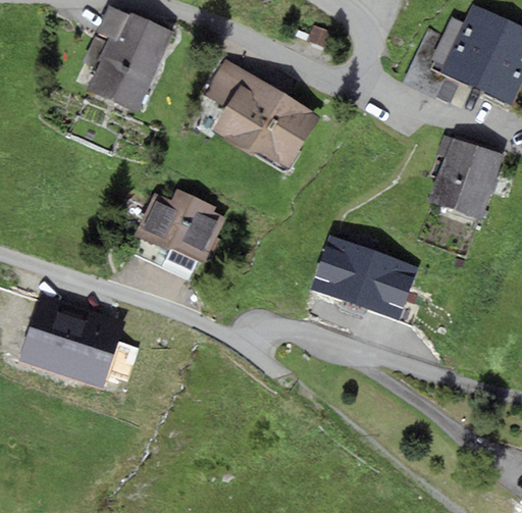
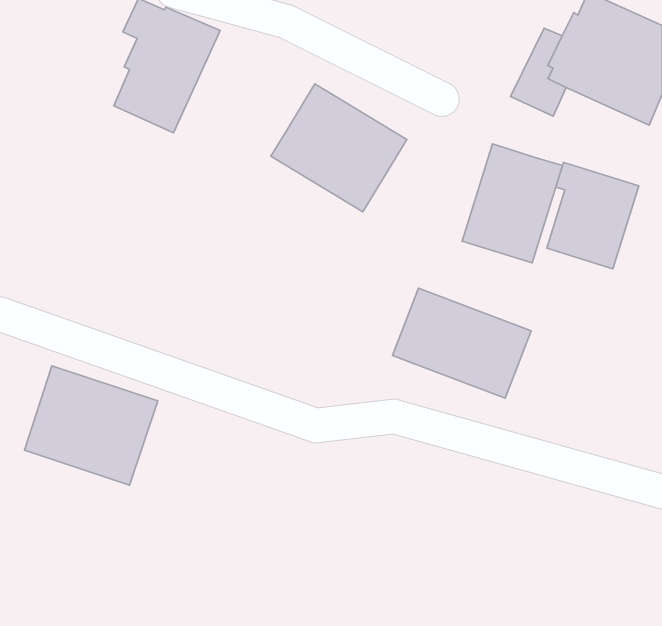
building: [204,58,248,108] -> none
building: none -> [462,144,563,263]
building: [135,189,225,262] -> none

